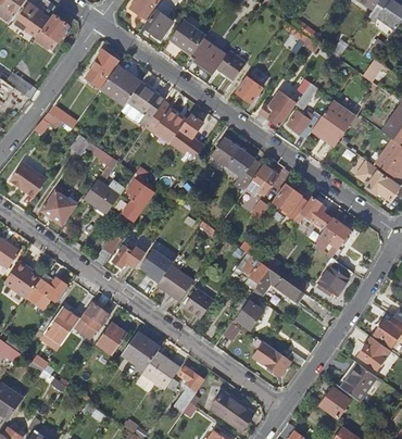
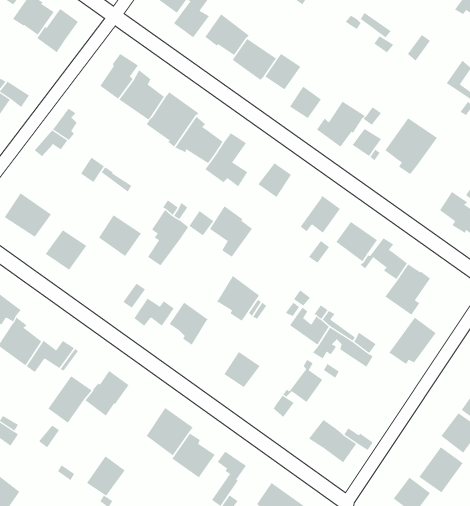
building: [226,147,261,188] -> [209,206,253,257]
building: [158,263,192,300] -> [216,275,260,322]
building: [96,322,127,354] -> [86,456,126,497]

